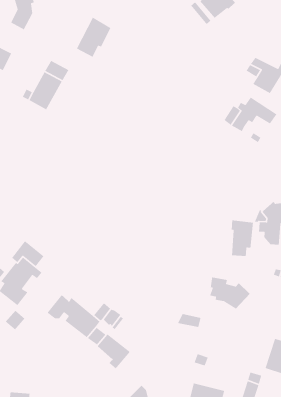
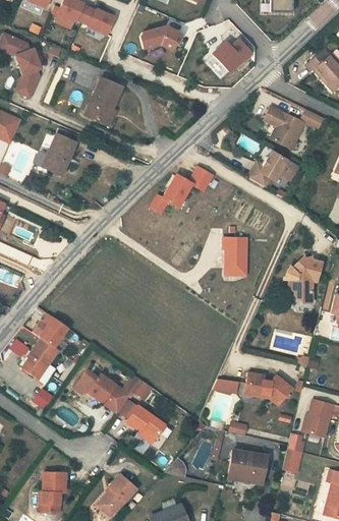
building: none -> [150,167,212,213]
building: [231,220,254,257] -> [222,237,245,275]
building: [209,277,250,309] -> [245,373,288,406]

